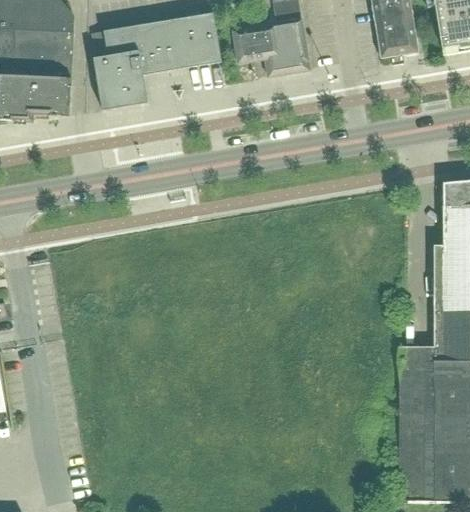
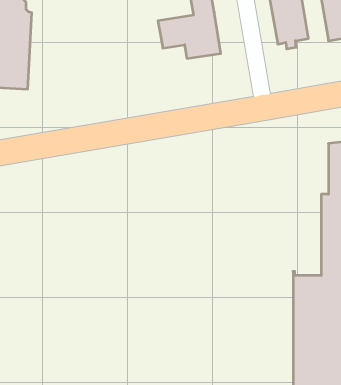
building: [94,12,221,110] -> none

